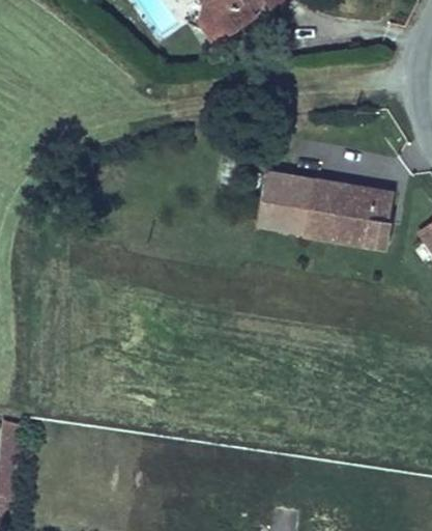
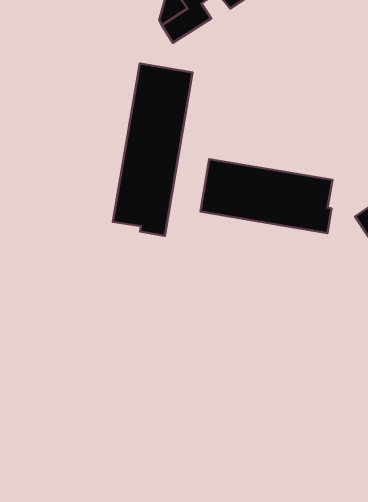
building: none -> [113,64,193,236]

